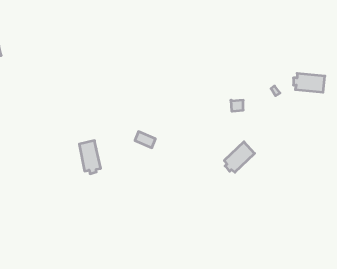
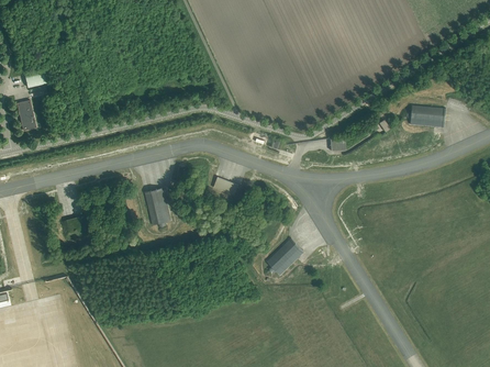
building: [224,142,255,172] -> [267,237,304,275]

